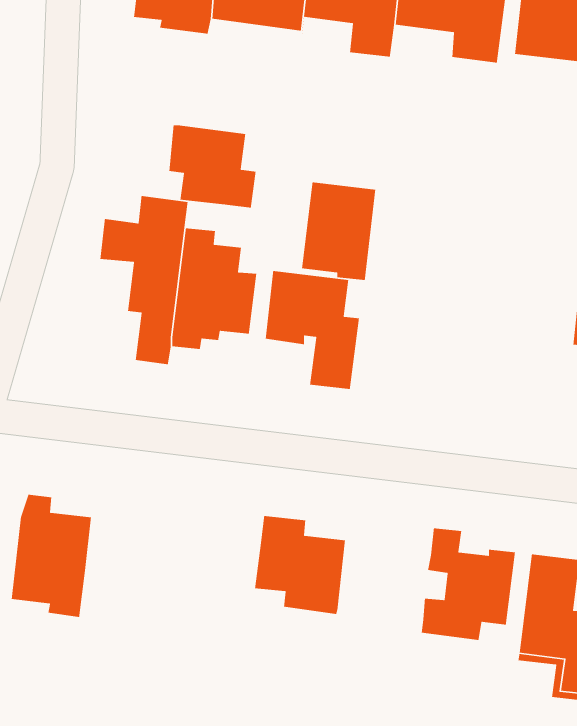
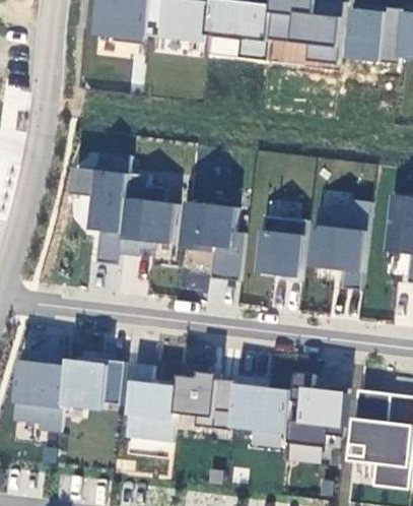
building: [168,124,256,209] -> none
building: [301,181,376,281] -> [258,214,307,280]
building: none -> [312,199,370,290]
building: none -> [63,358,124,408]
building: none -> [125,363,179,442]
building: none -> [230,375,291,433]

